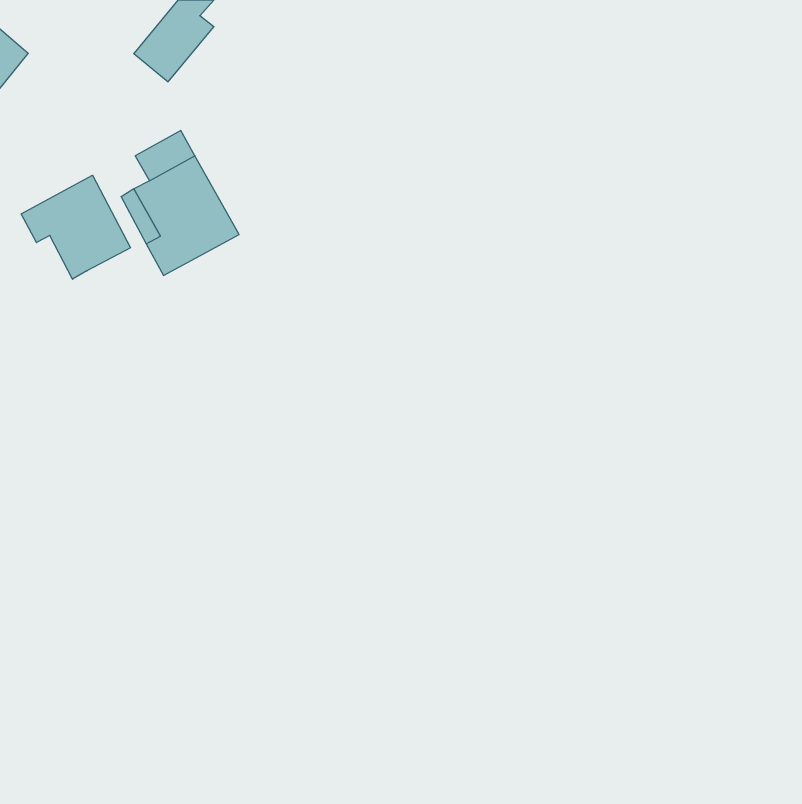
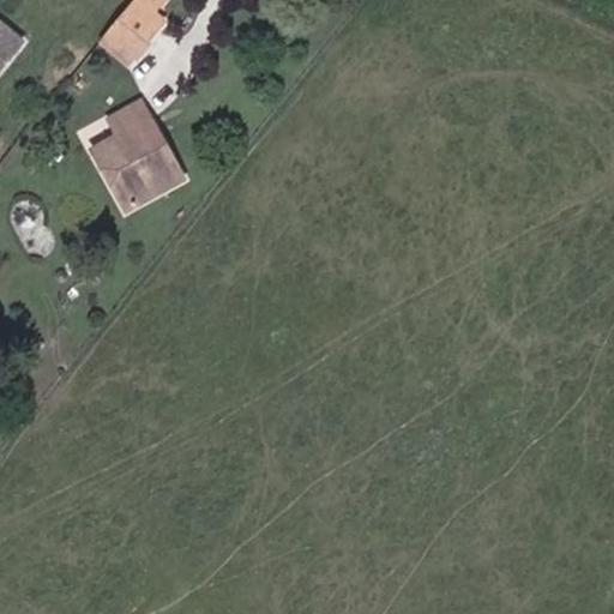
building: [21,175,130,279] -> none

